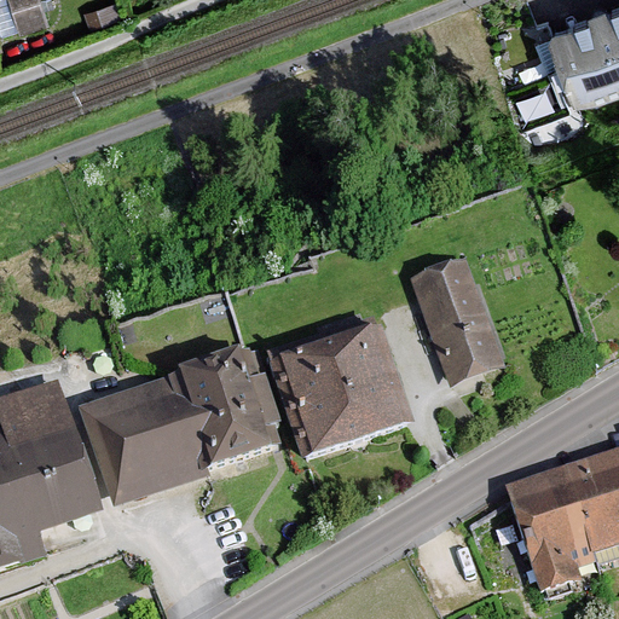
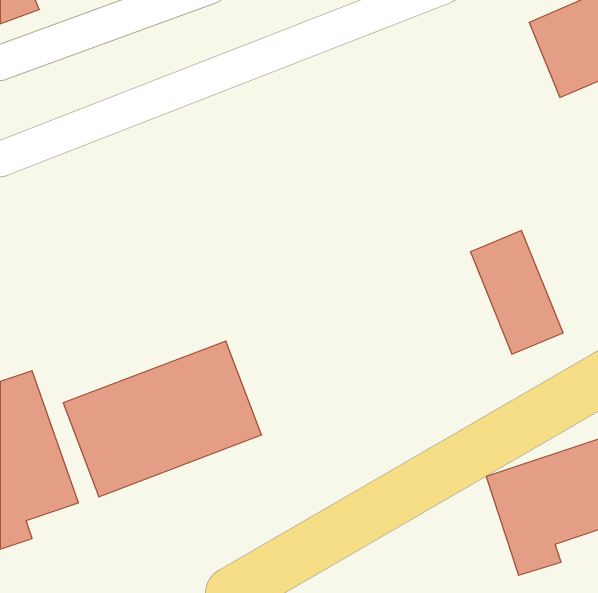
building: [411,254,505,380] -> [470,231,563,354]
building: [271,325,405,456] -> none

